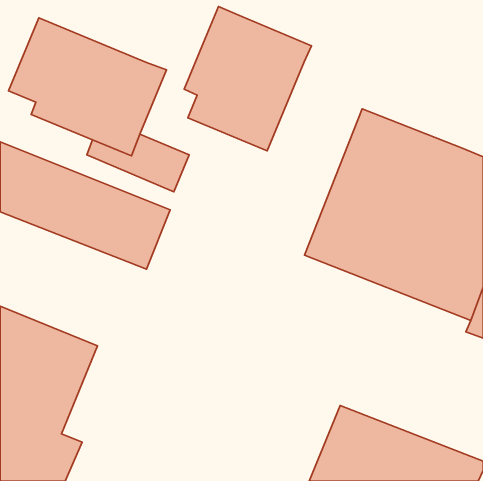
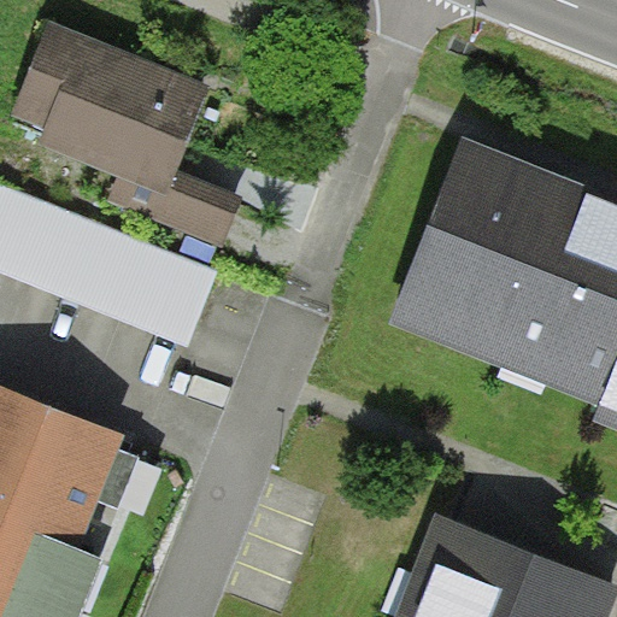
building: [184,6,312,151] -> none

